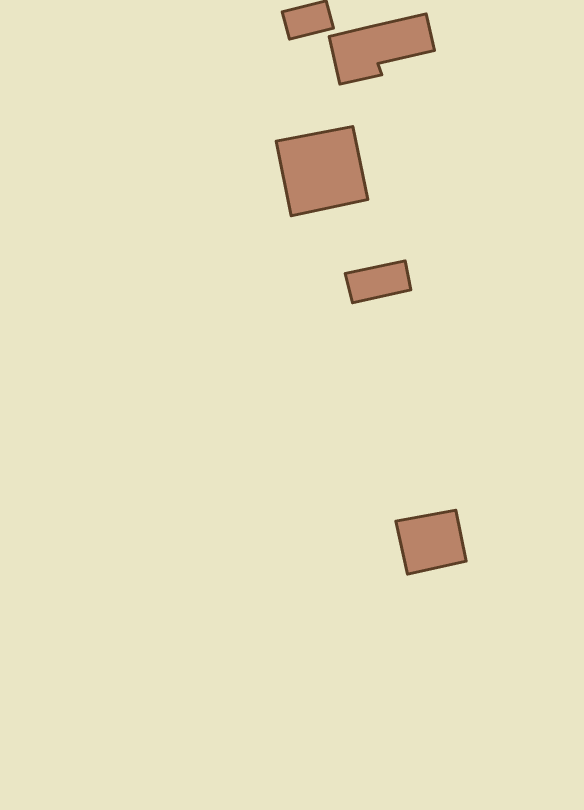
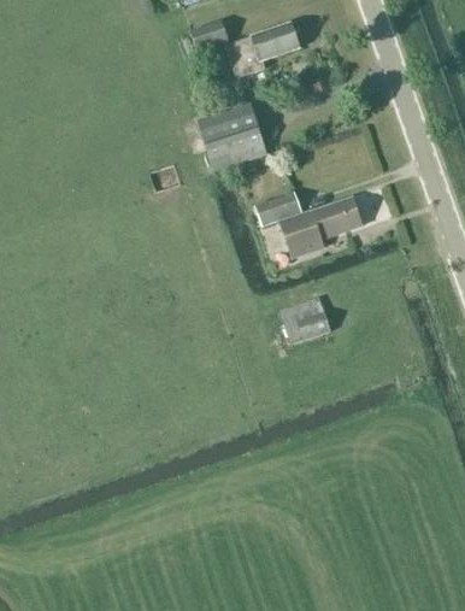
building: none -> [279,198,361,257]
building: [396,510,466,574] -> [279,296,330,343]

